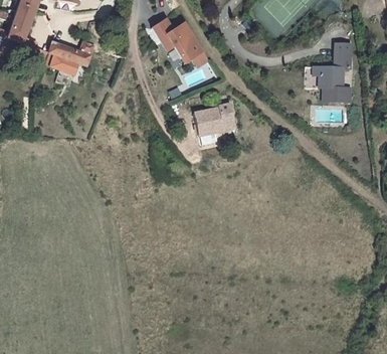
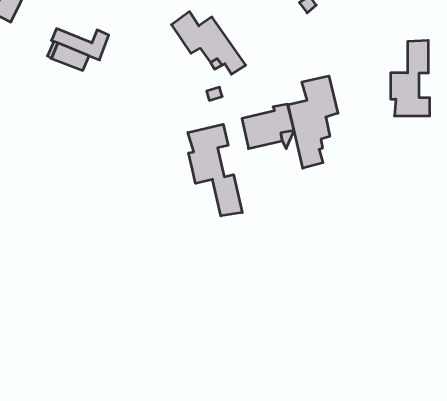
building: none -> [288,76,338,168]
building: none -> [188,124,242,216]

